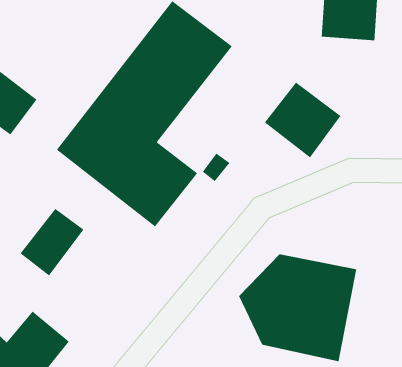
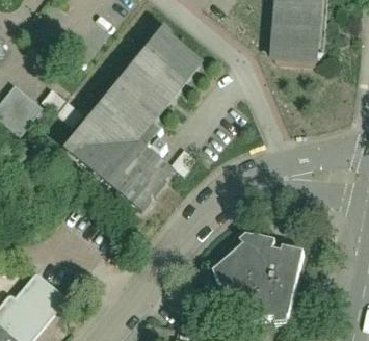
building: [264,81,342,158] -> none
building: [20,208,84,276] -> none

